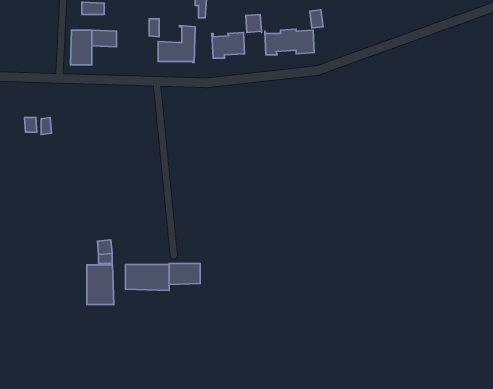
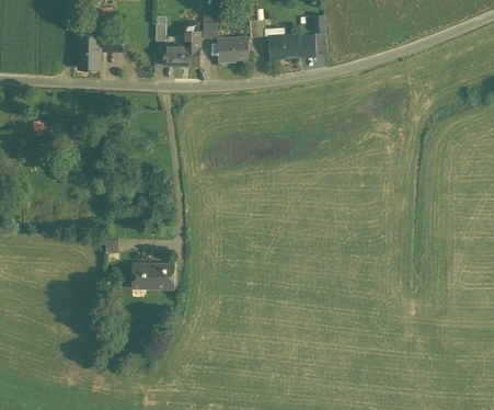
building: [169,264,200,284] -> none
building: [87,265,114,305] -> none

